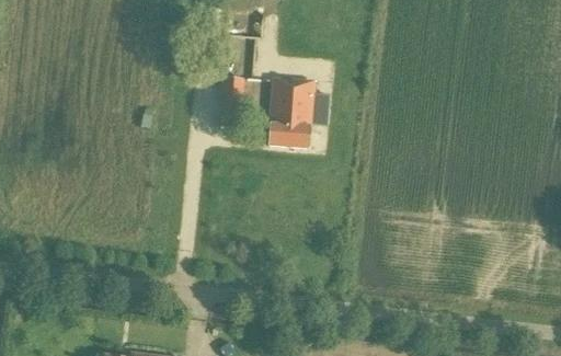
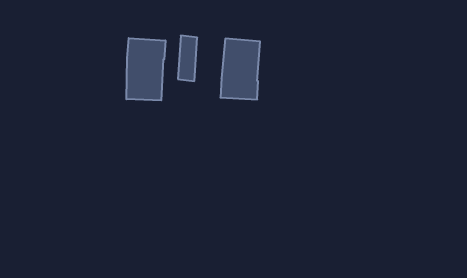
building: none -> [126,38,165,100]

